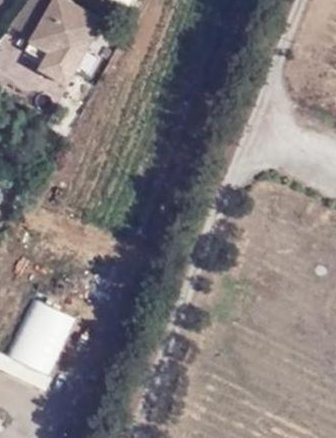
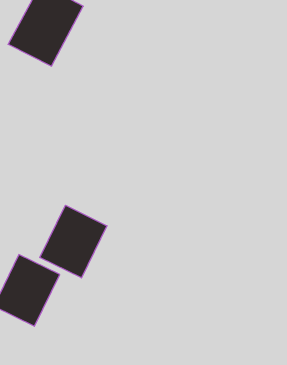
building: none -> [40,205,107,278]

